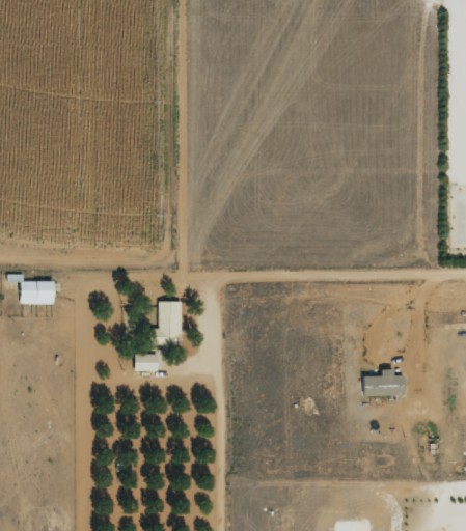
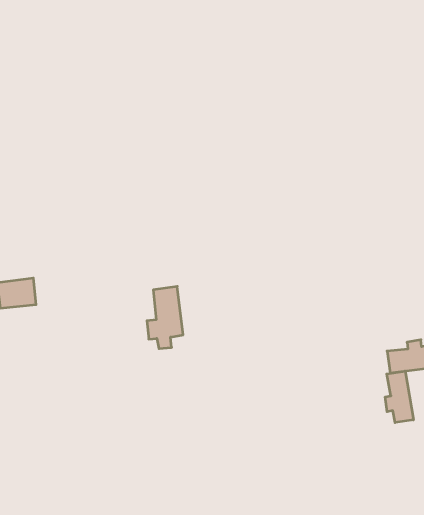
building: [134,353,158,370] -> none
building: none -> [385,371,413,423]

